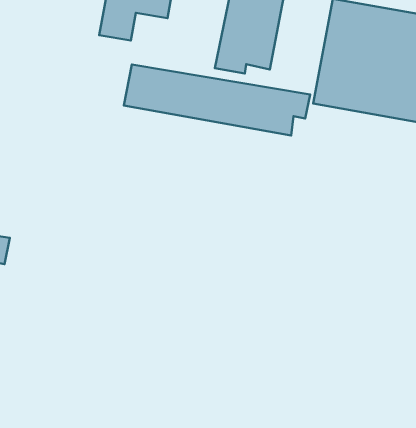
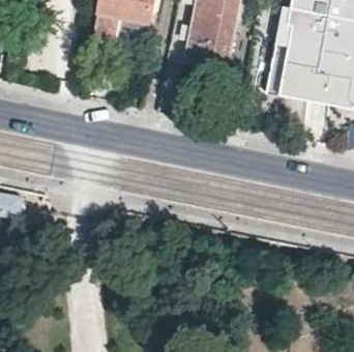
building: [124,65,310,135] -> none

